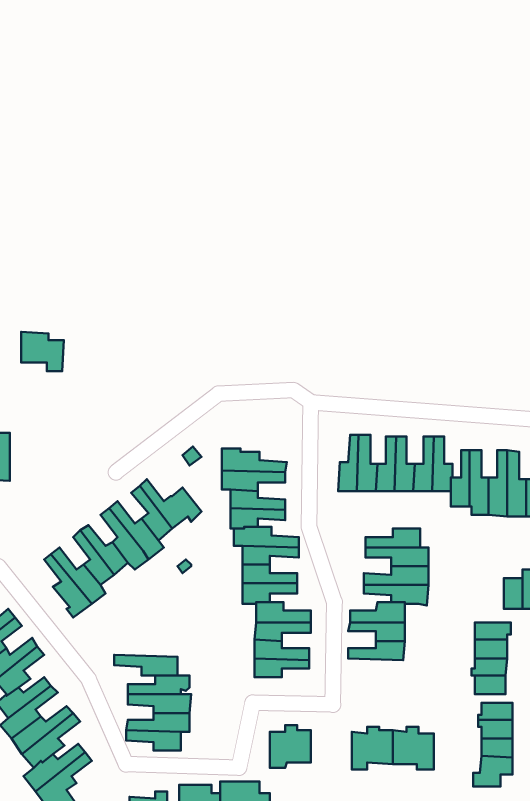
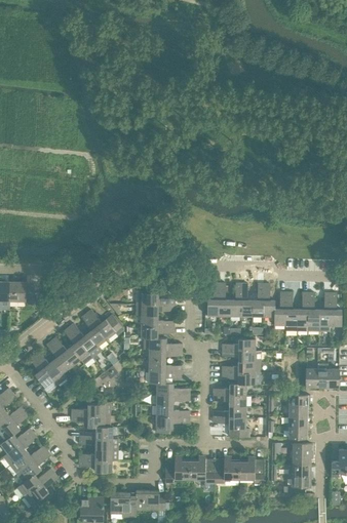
building: [21,332,64,371] -> [8,281,34,305]
building: none -> [71,401,110,415]
building: none -> [211,416,248,437]
building: none -> [189,456,214,483]

